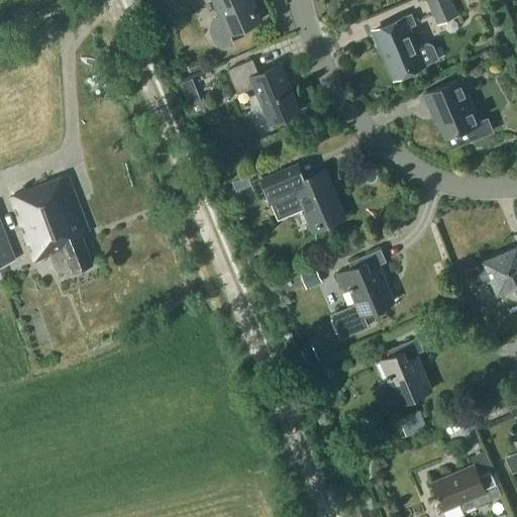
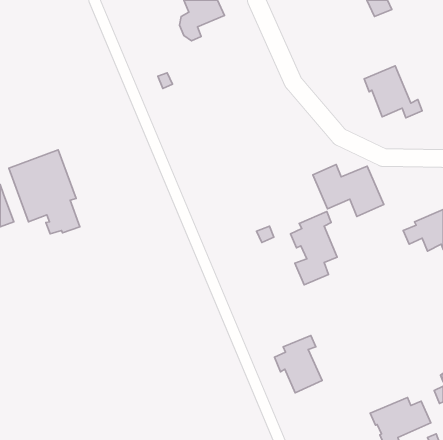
building: [374,16,439,82] -> none
building: [228,61,300,124] -> none
building: [262,170,344,230] -> [313,165,384,217]
building: [376,338,431,405] -> [274,336,322,393]

